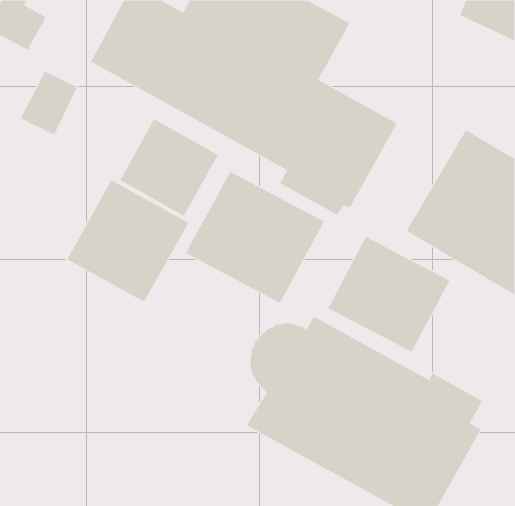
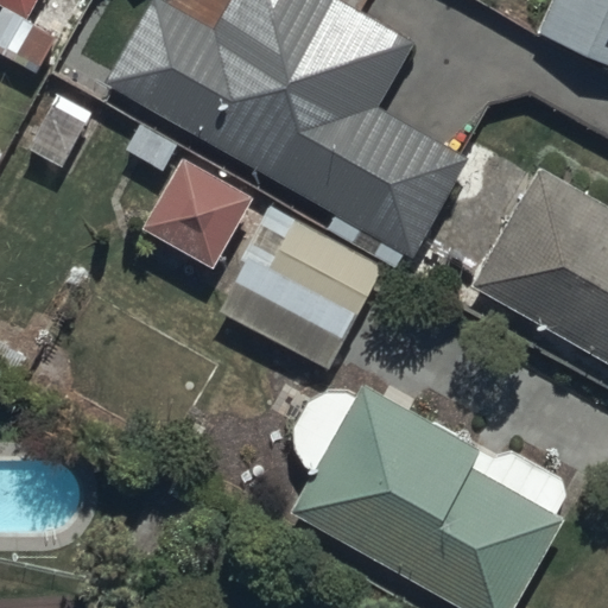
building: [66,180,189,302] -> none
building: [327,236,450,353] -> none

